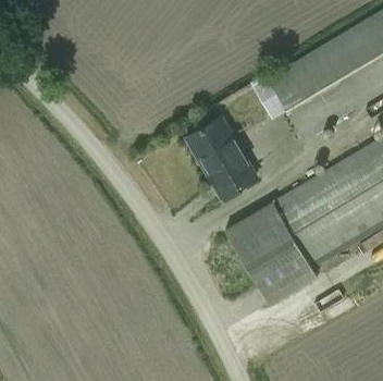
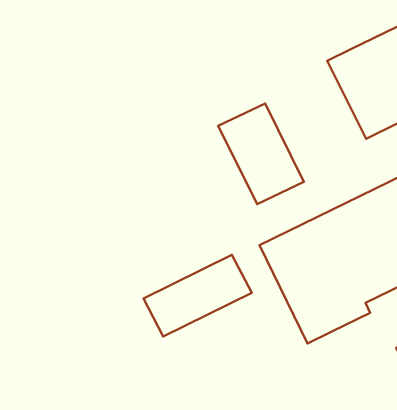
building: none -> [143,255,252,336]

